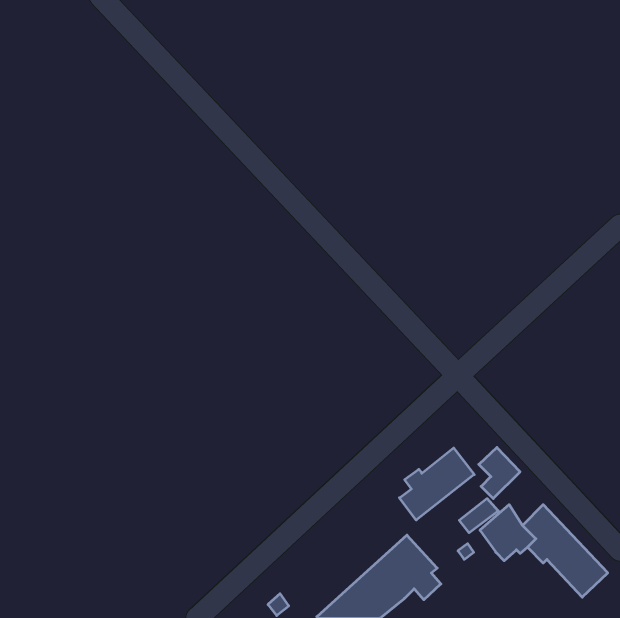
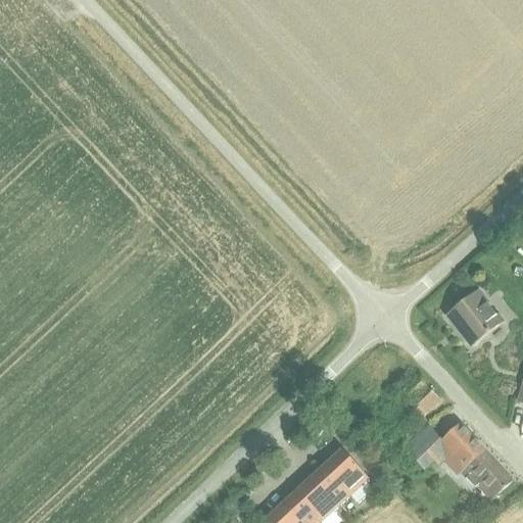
building: none -> [446,290,501,343]
building: [399,448,474,520] -> none

